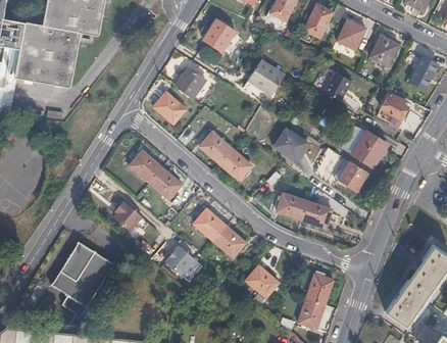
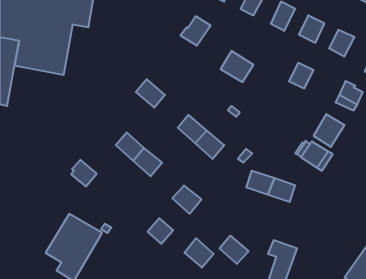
building: [175,67,205,97] -> none
building: [271,127,306,160] -> none
building: [113,201,142,231] -> [71,160,97,186]
building: [212,225,245,257] -> [184,238,214,268]

